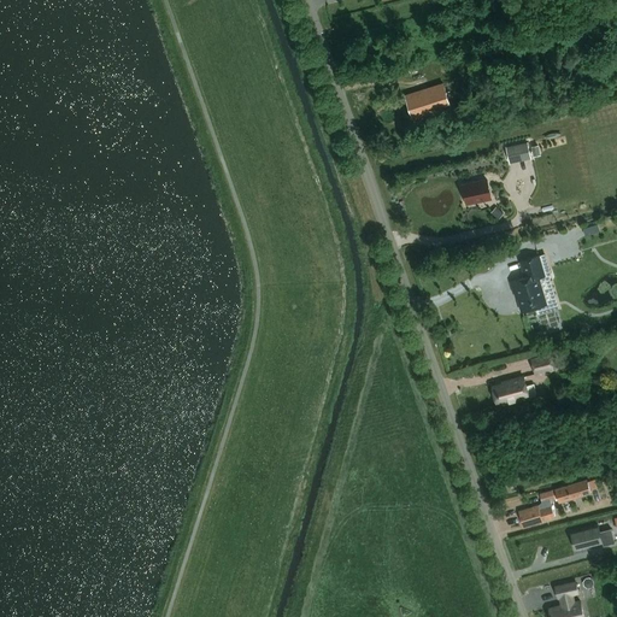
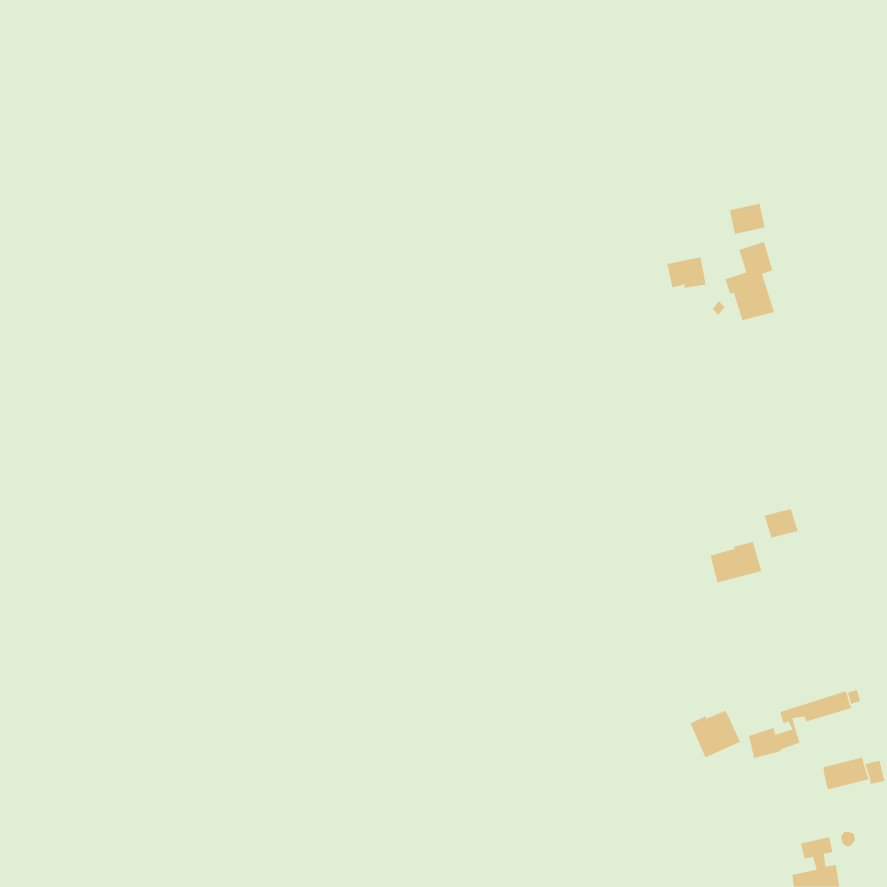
building: [406,83,453,119] -> none
building: [511,254,546,310] -> [725,241,775,321]
building: none -> [690,710,741,758]

